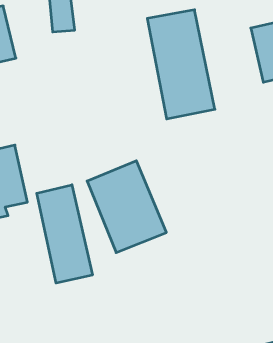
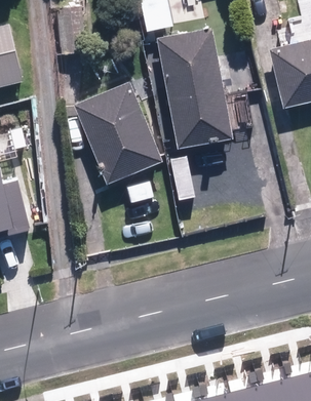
building: [87,161,166,253] -> [75,82,159,179]
building: [37,185,92,283] -> none

